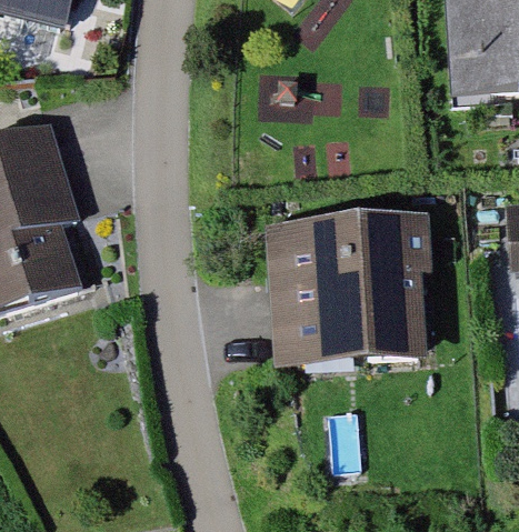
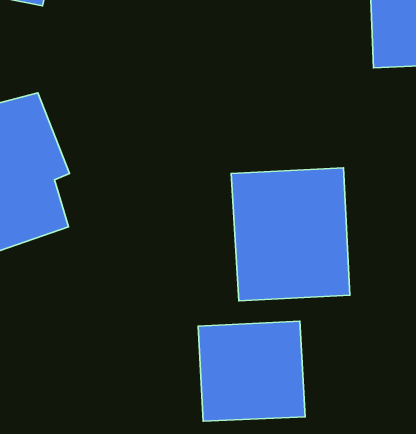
building: none -> [198,321,305,421]

